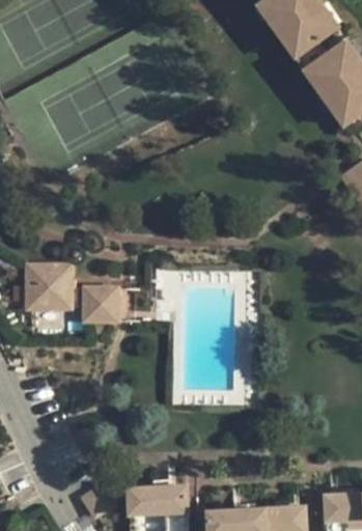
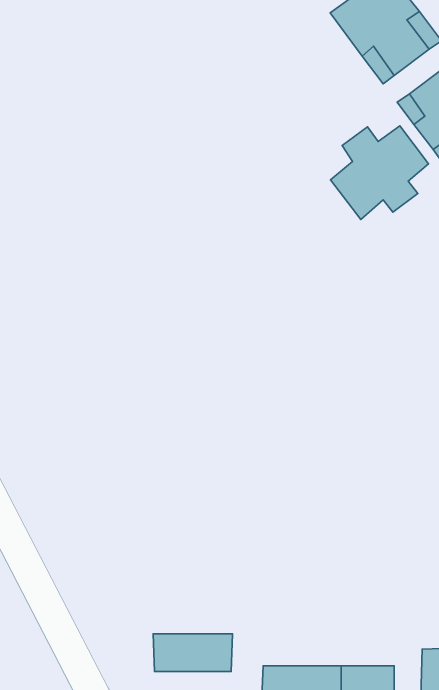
building: none -> [331,126,429,219]
building: [30,272,119,330] -> none

